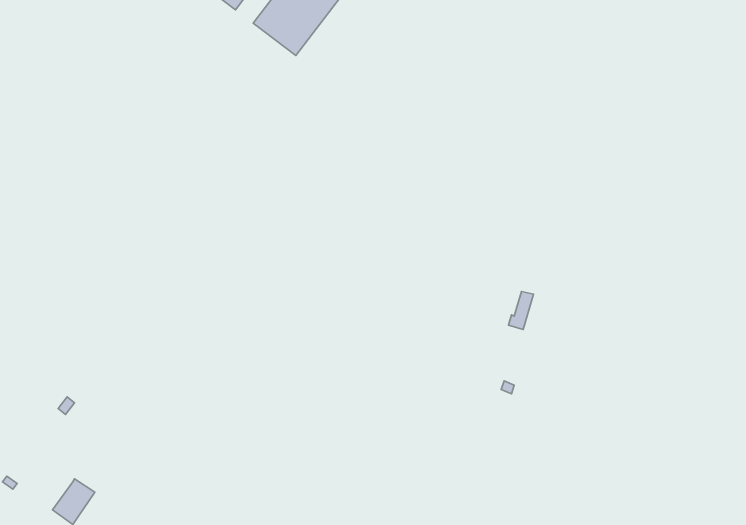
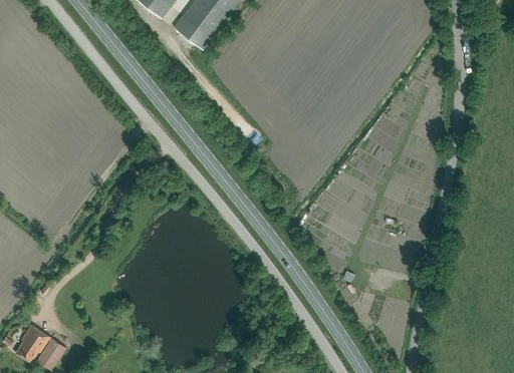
building: none -> [14,325,51,362]

